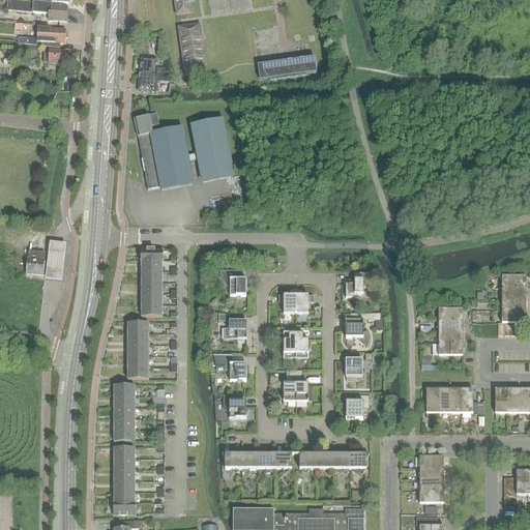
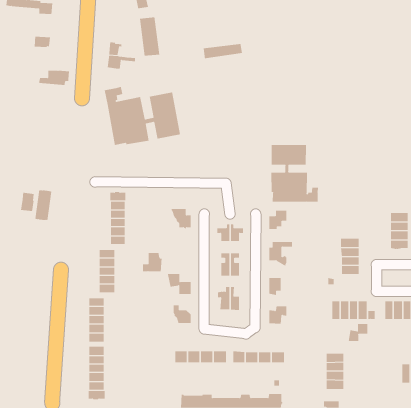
building: [26,26,66,46] -> [39,70,70,86]
building: none -> [271,144,319,203]
building: [222,312,247,336] -> [142,252,162,272]
building: none -> [347,323,368,342]

